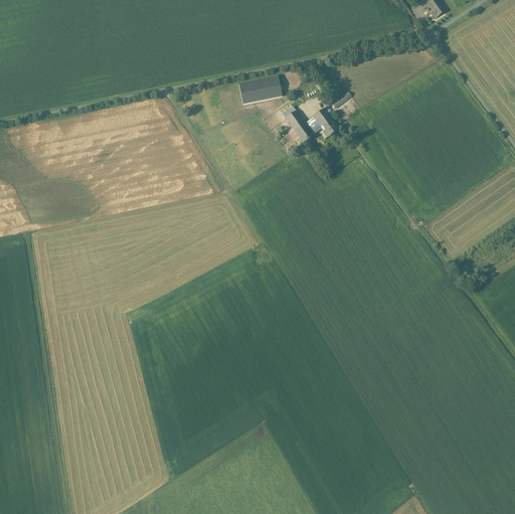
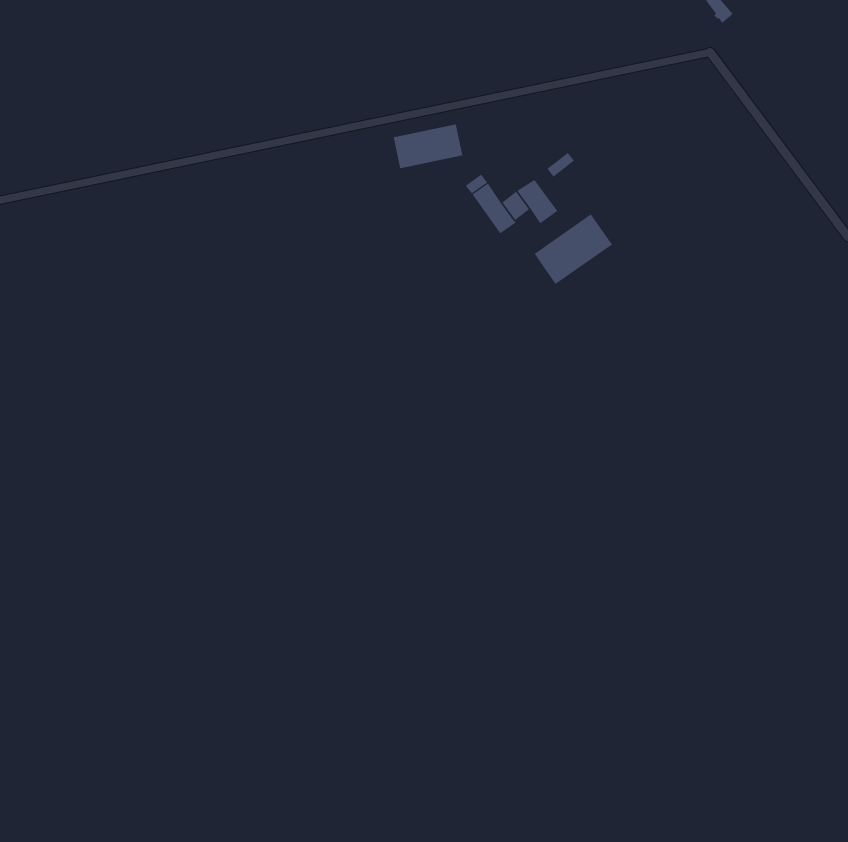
building: none -> [534,214,613,285]

